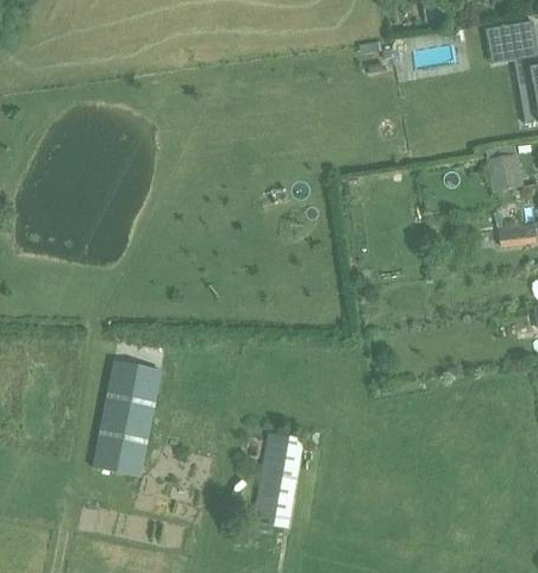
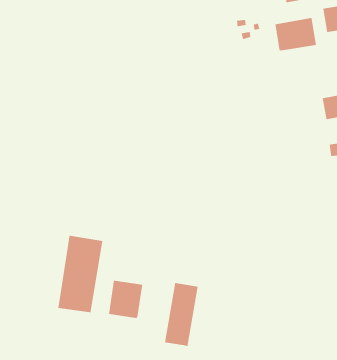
building: none -> [275,17,317,51]
building: none -> [108,280,143,319]

